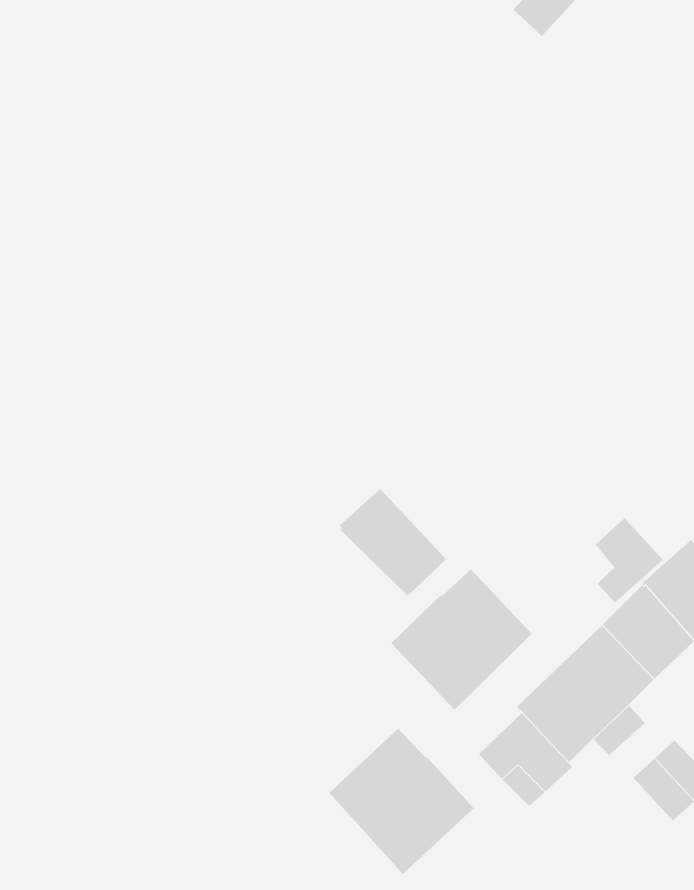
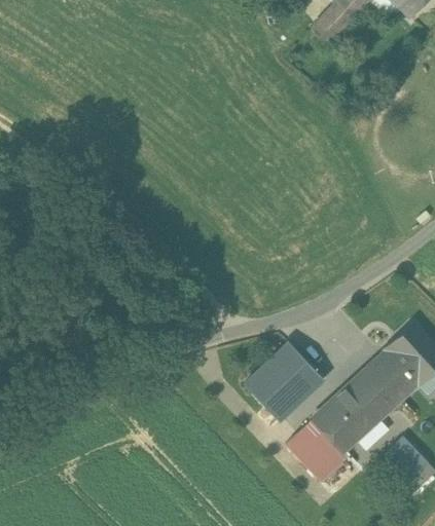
building: [339,488,447,597] -> none
building: [595,517,664,603] -> none
building: [329,728,474,875] -> none

